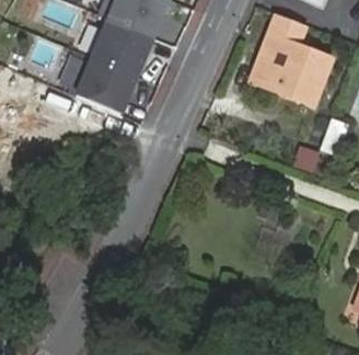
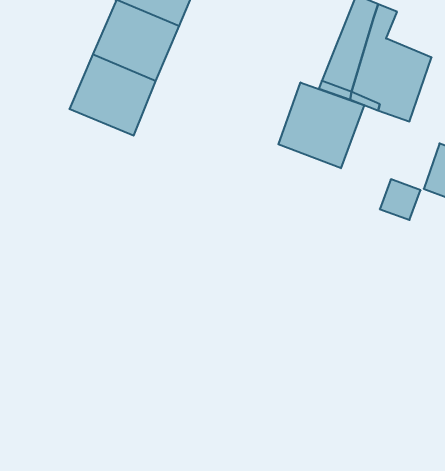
building: none -> [278,82,364,168]

